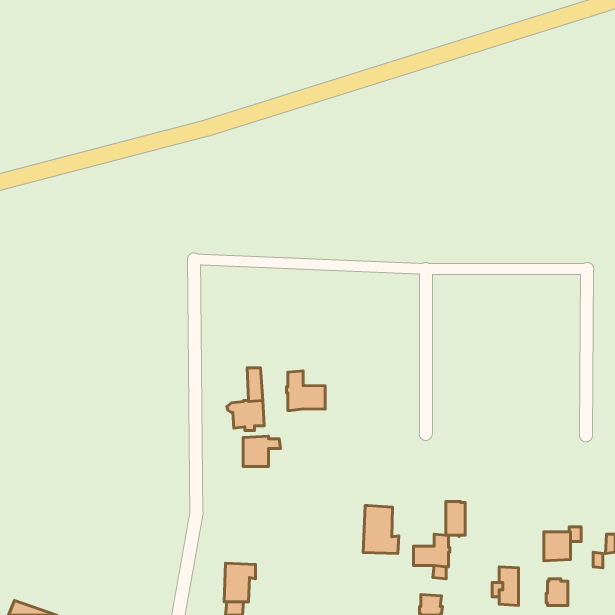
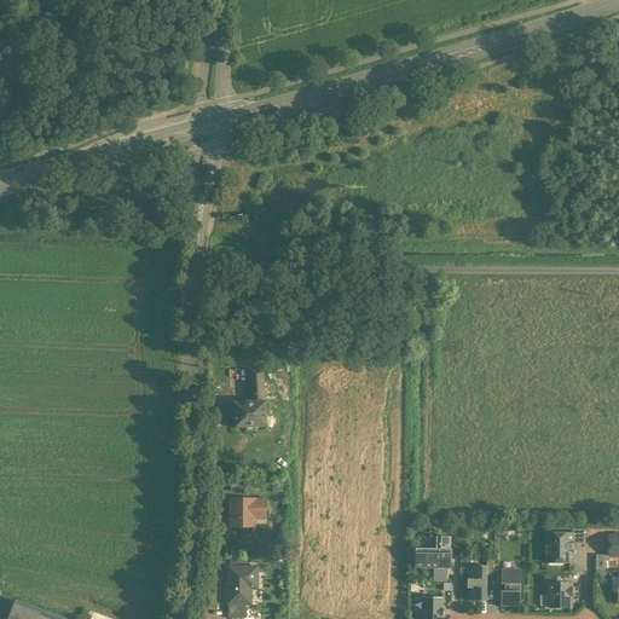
building: [287,371,325,410] -> none
building: [243,436,280,466] -> [228,498,266,528]
building: [446,501,465,536] -> [467,566,486,601]
building: [363,505,399,553] -> none

